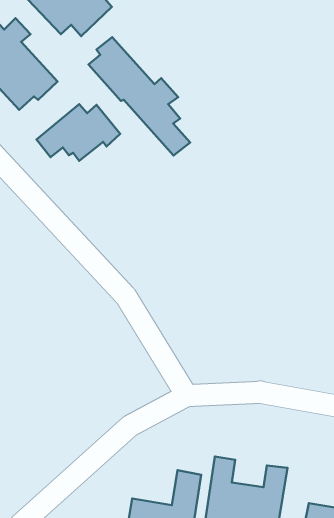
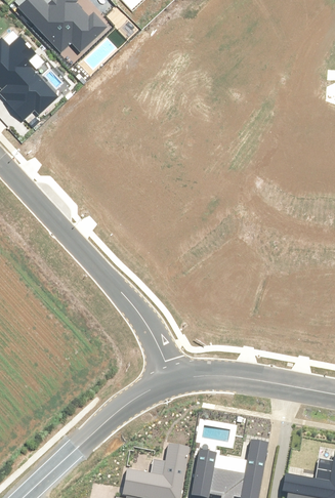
building: [88,37,190,155] -> none
building: [36,104,120,161] -> none

